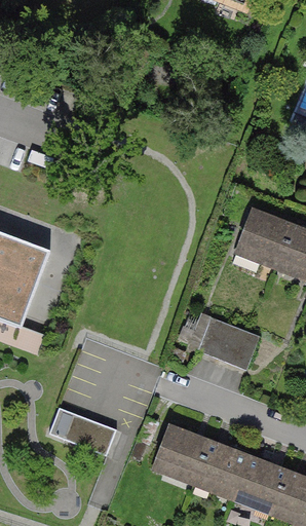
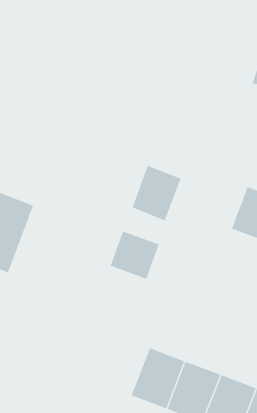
building: [233,212,290,275] -> [132,165,182,221]
building: [198,315,255,371] -> [110,231,160,280]
building: [45,406,115,457] -> none

